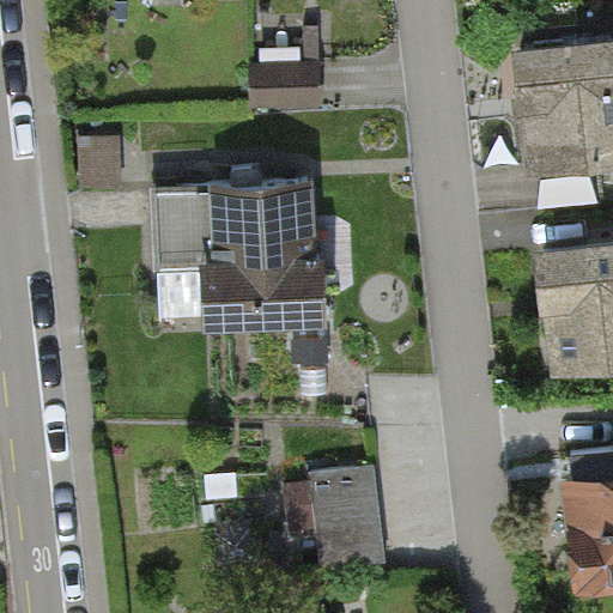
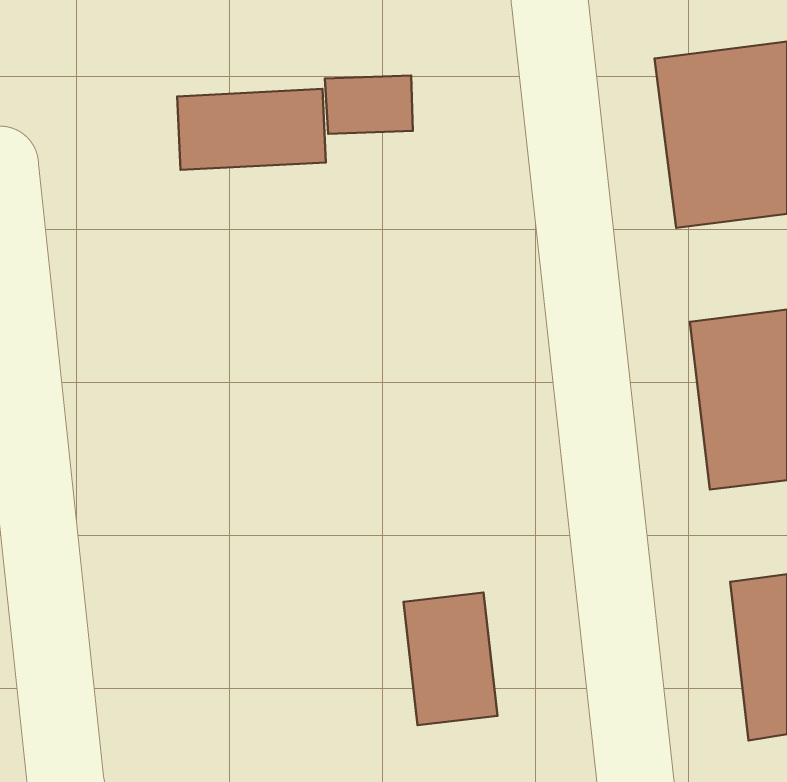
building: none -> [177,89,326,170]
building: [154,180,326,328] -> none

